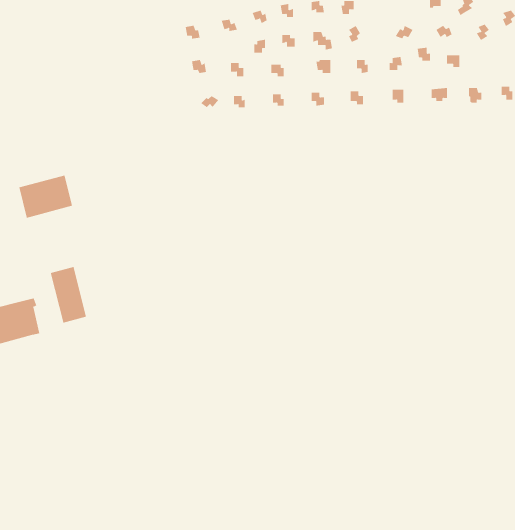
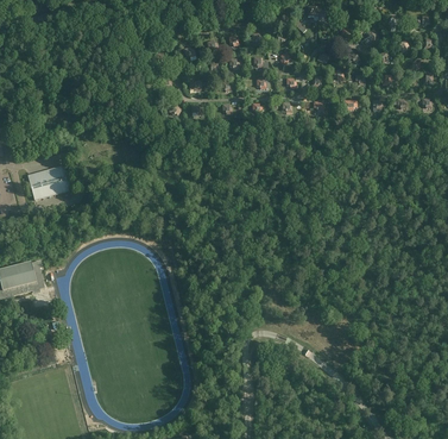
building: [50,266,87,324] -> none

